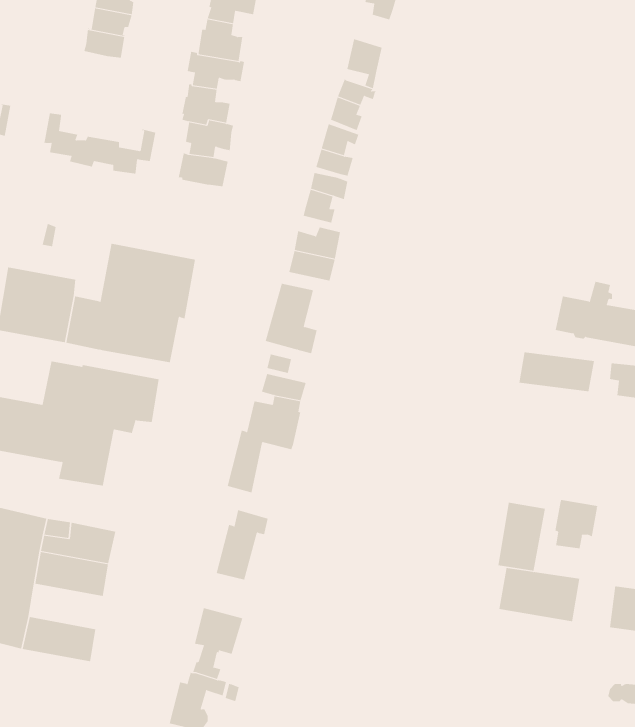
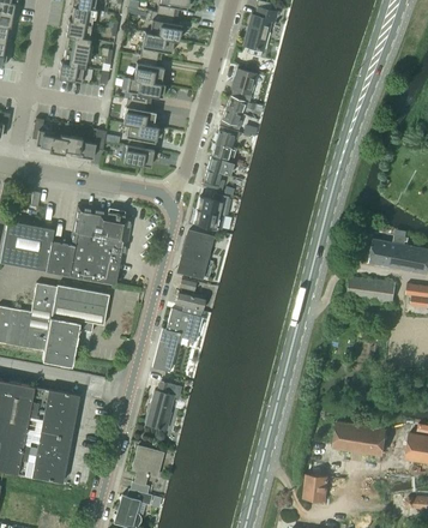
building: [555,499,598,549] -> none
building: [498,502,546,572] -> none
building: none -> [22,430,71,460]
building: none -> [303,473,327,499]

